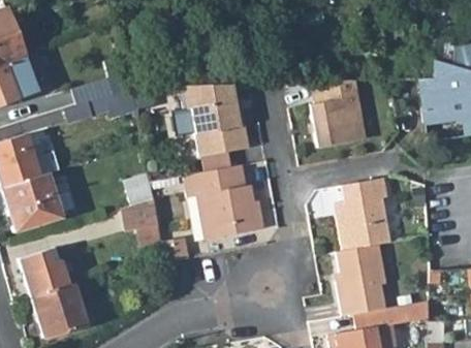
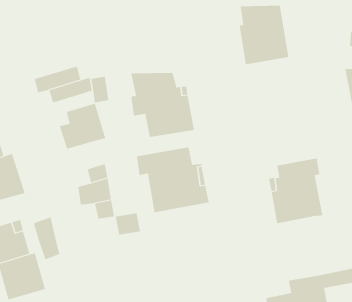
building: [311,81,367,147] -> [239,5,289,65]
building: none -> [59,103,106,150]
building: [335,244,391,317] -> none
building: none -> [33,217,60,260]

